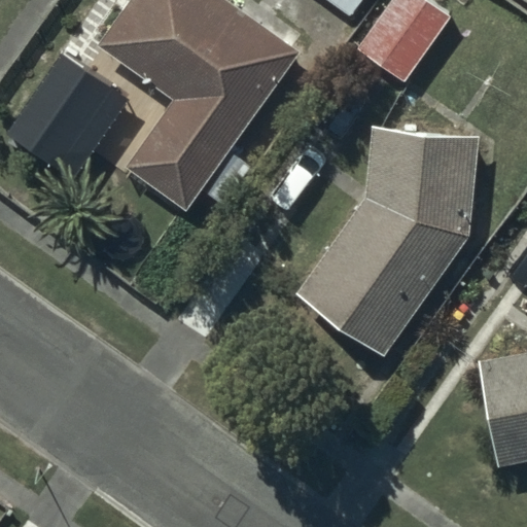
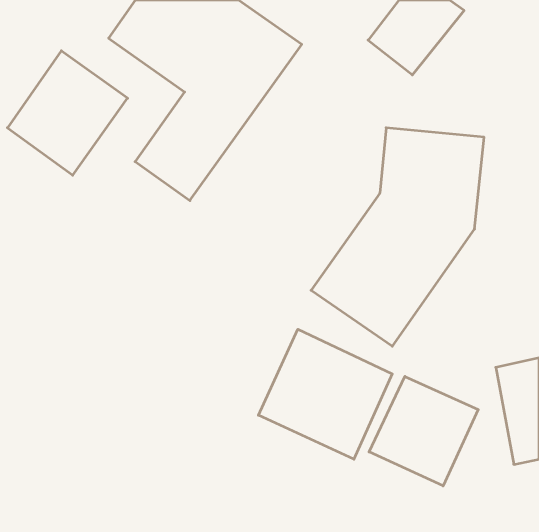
building: none -> [258,329,392,459]
building: none -> [369,376,478,486]

